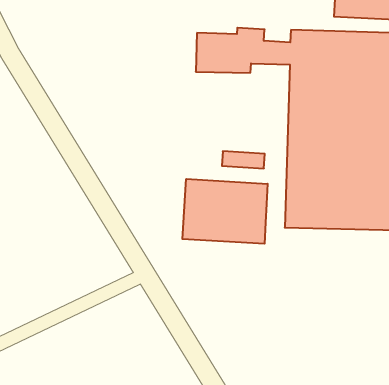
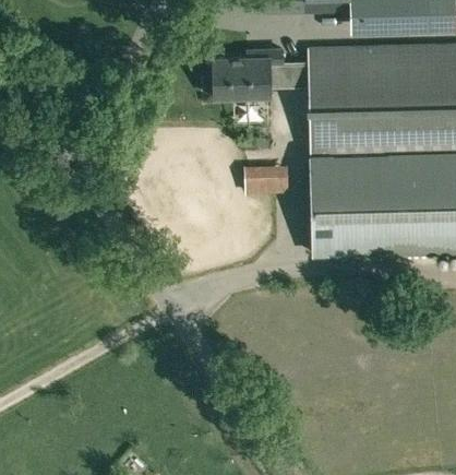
building: [182,179,268,244] -> none

